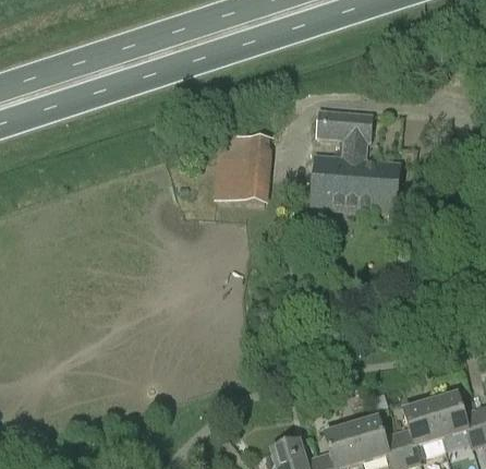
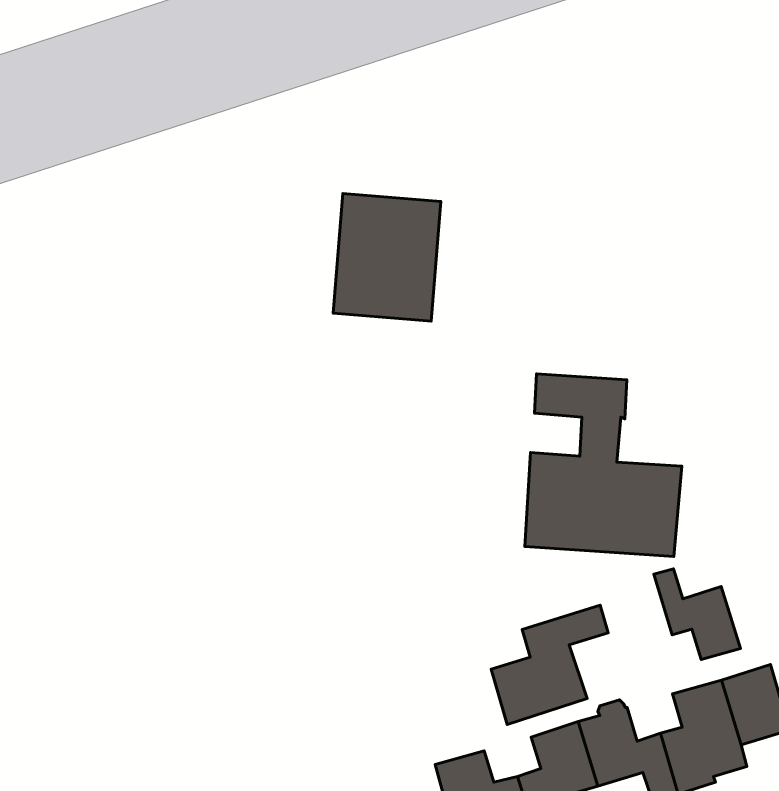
building: [312,111,399,213] -> [525,374,682,556]
building: none -> [654,569,741,660]
building: none -> [491,605,608,724]

